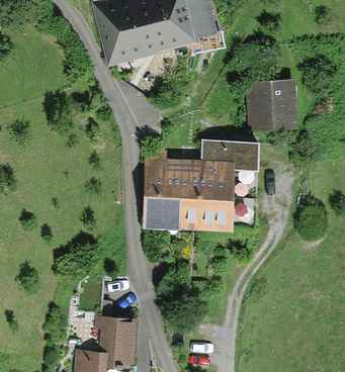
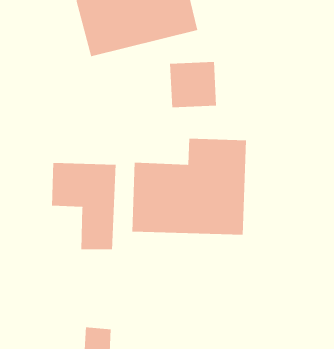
building: [247,79,292,123] -> [169,61,217,108]
building: none -> [52,162,116,250]

